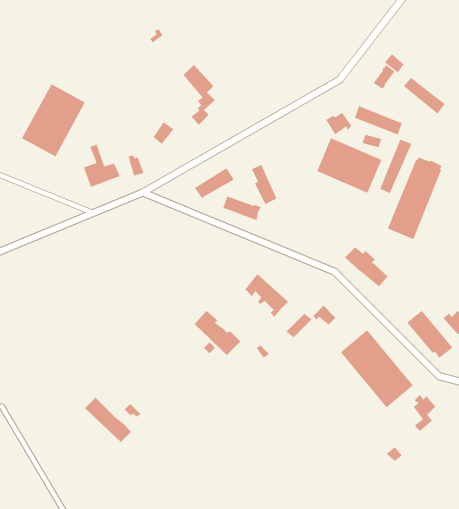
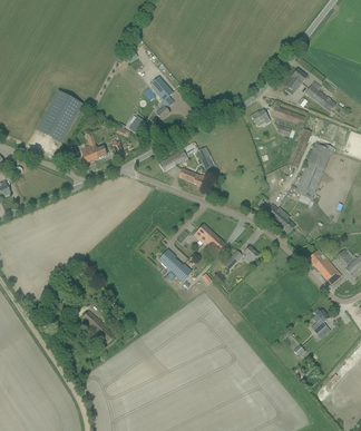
building: [316,137,382,194] -> none
building: [340,329,414,408] -> none

